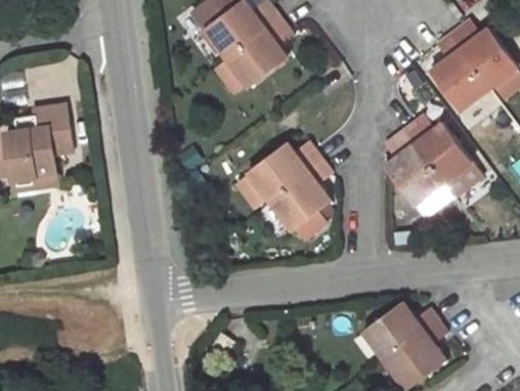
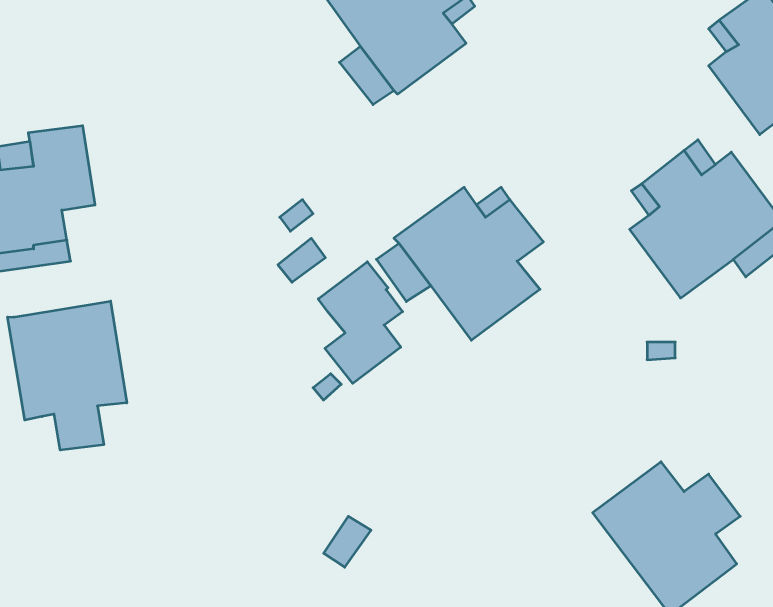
building: none -> [318,262,403,383]
building: none -> [8,301,127,450]

